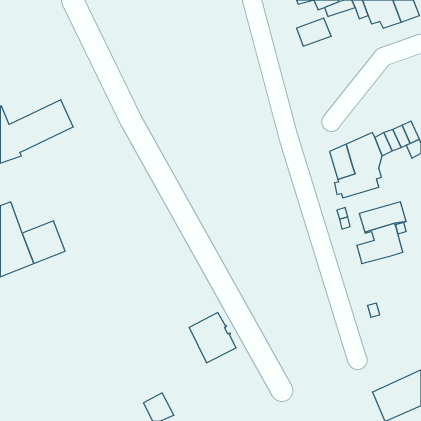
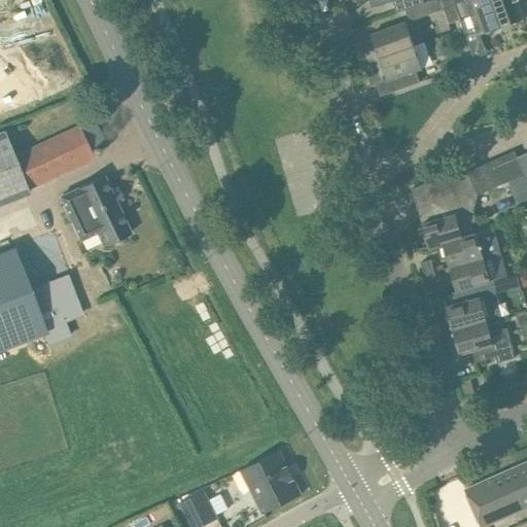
building: none -> [379,45,422,81]
building: none -> [60,176,131,246]
building: none -> [428,229,500,267]
building: none -> [451,320,515,363]
building: [189,313,236,363] -> [242,451,301,514]

